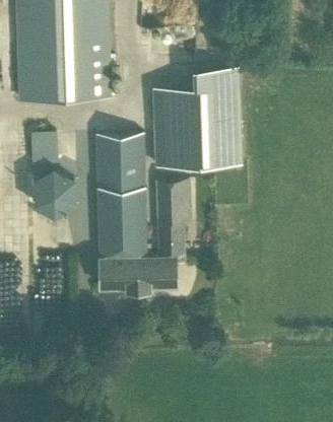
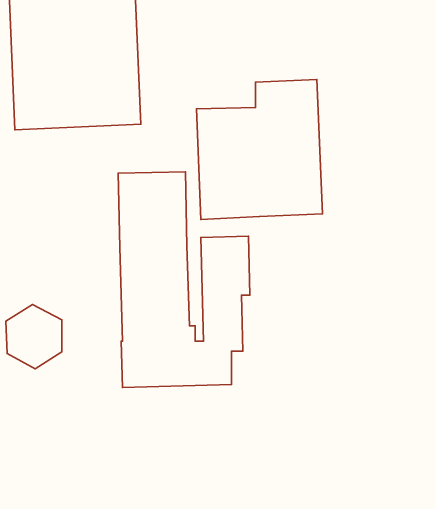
building: [31,133,58,166] -> none
building: [34,170,74,217] -> [6,304,62,369]

